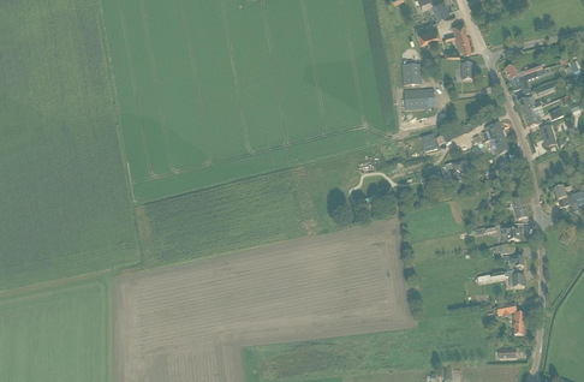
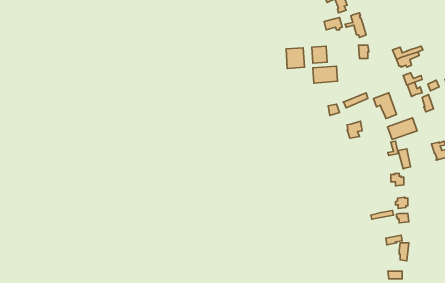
building: none -> [286,48,304,68]
building: none -> [387,118,417,140]

